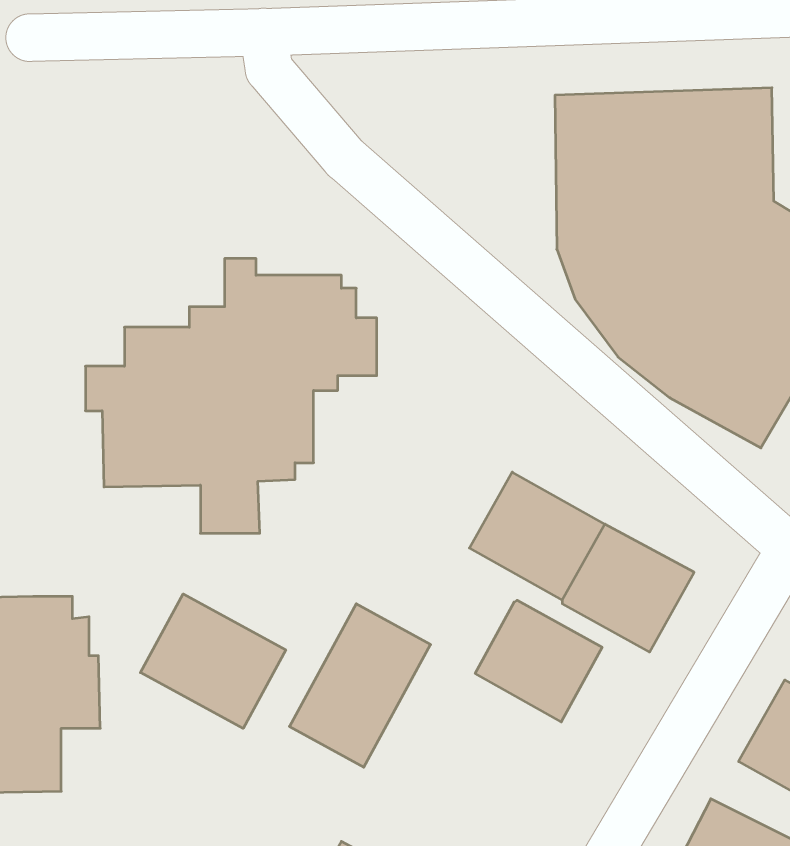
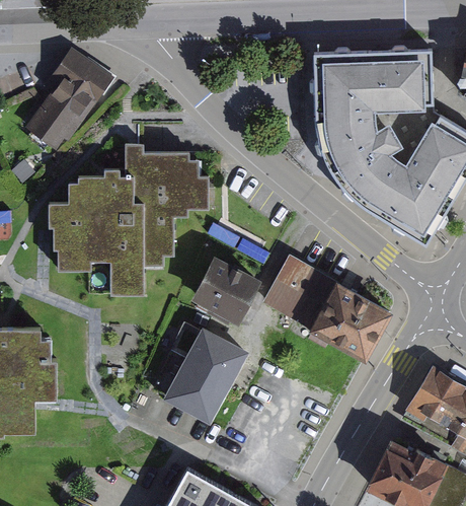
building: none -> [22,49,111,152]
building: none -> [188,258,257,324]
building: [140,594,286,728] -> none
building: [475,600,602,722] -> none

